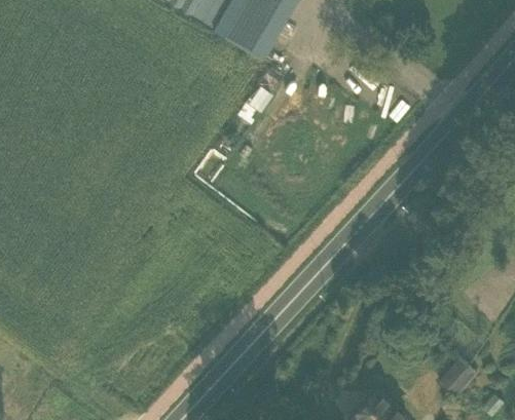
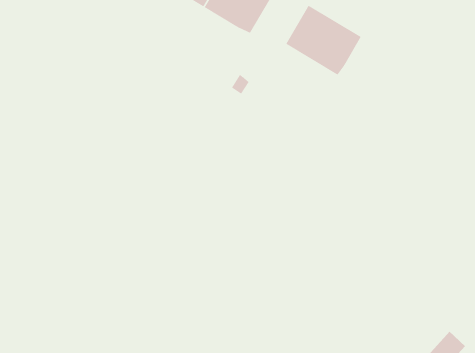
building: none -> [285,5,362,75]

